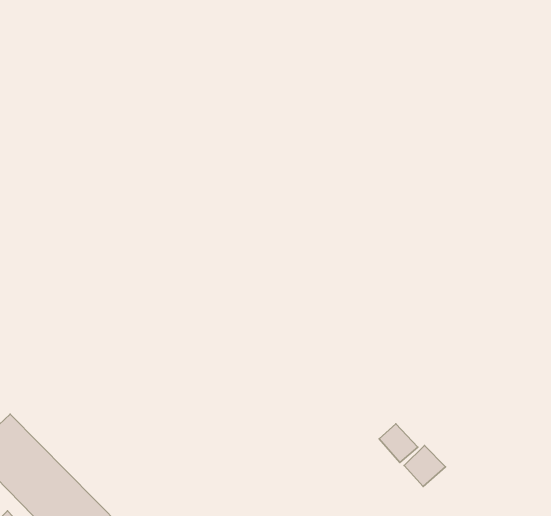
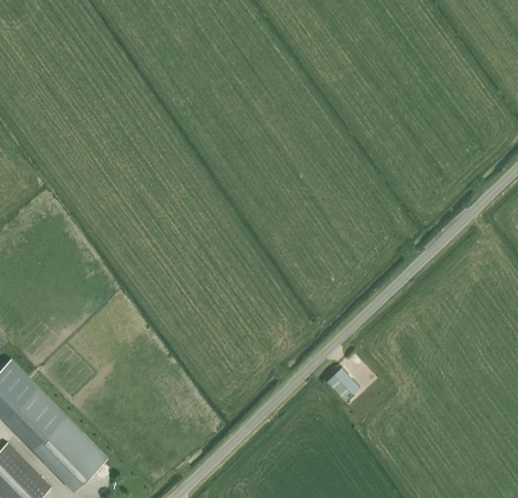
building: [404,445,445,486] -> none

